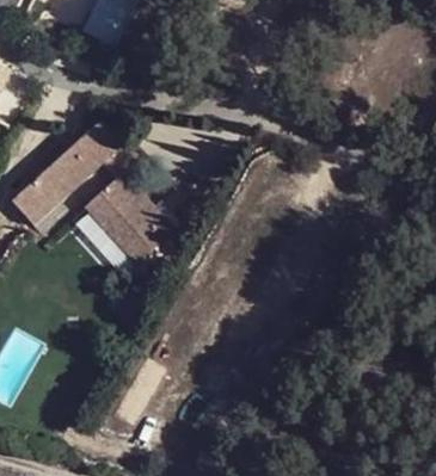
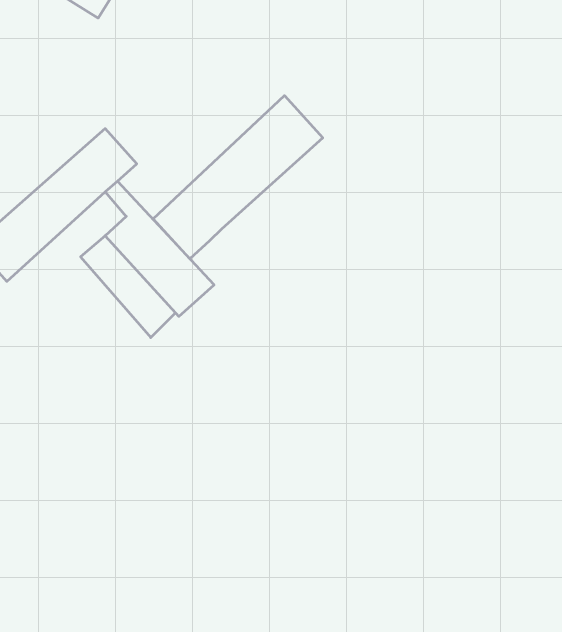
building: none -> [153,96,323,259]

